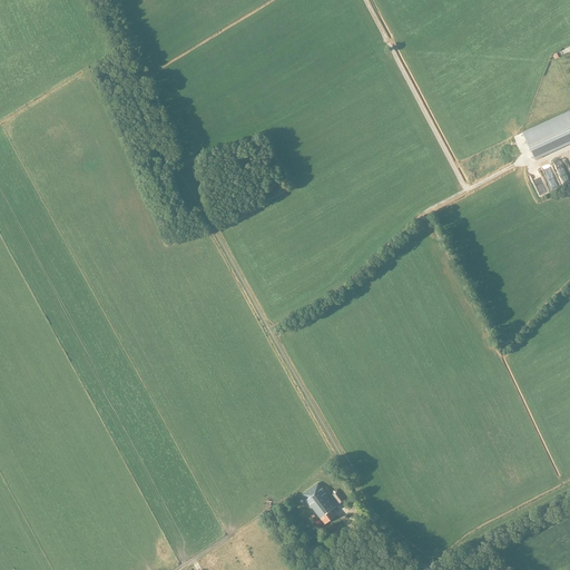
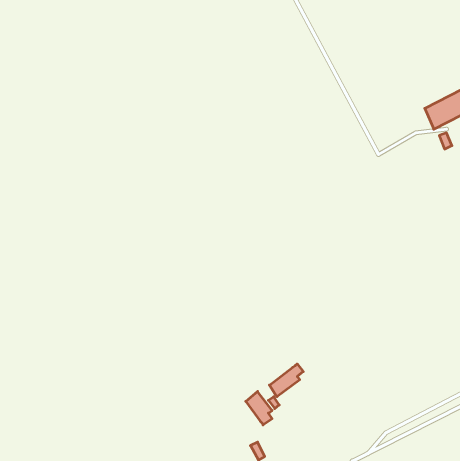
building: none -> [269,364,303,397]

